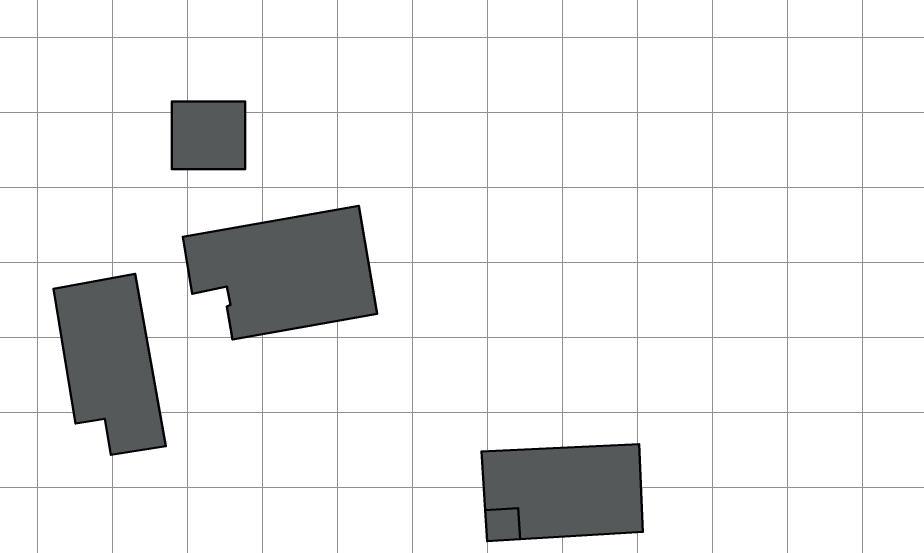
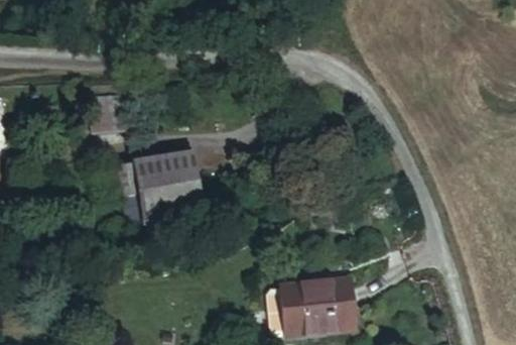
building: [53,274,166,455] -> none

